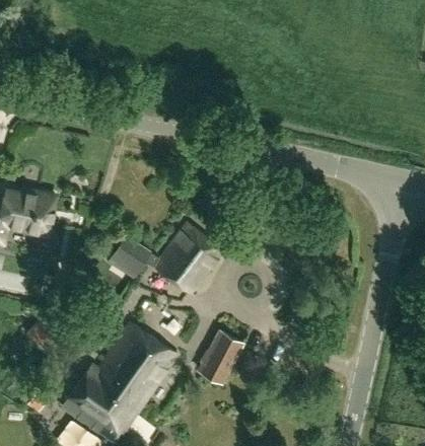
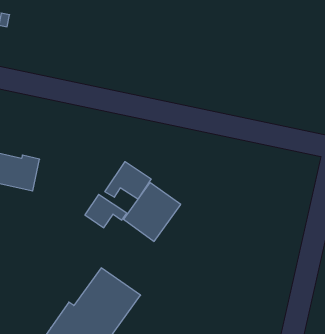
building: none -> [105,162,151,199]
building: [200,330,242,382] -> none

